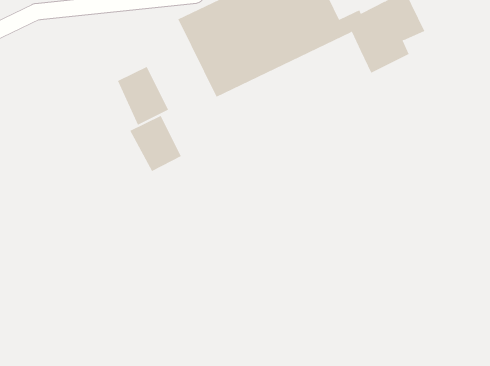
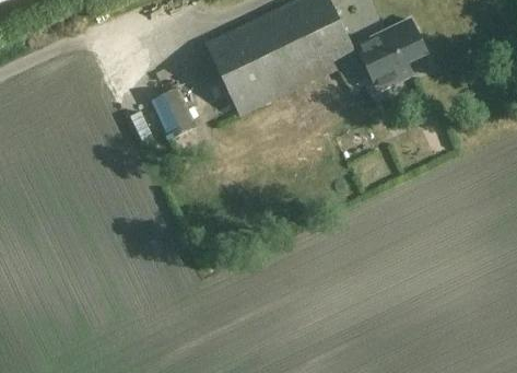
building: [130,115,181,172] -> none

